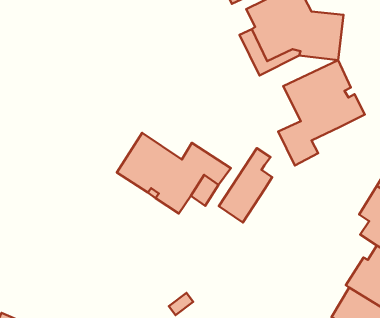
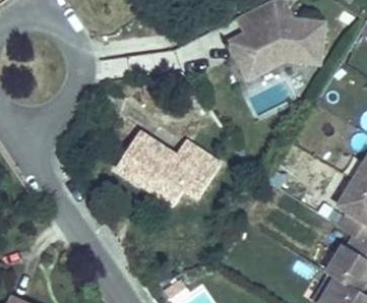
building: [278,60,365,165] -> none
building: [219,148,272,222] -> none

